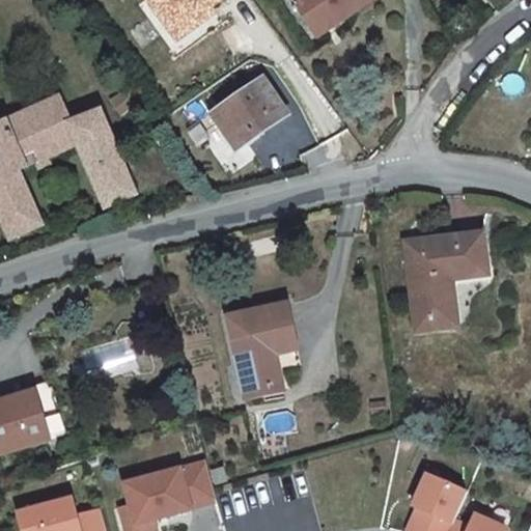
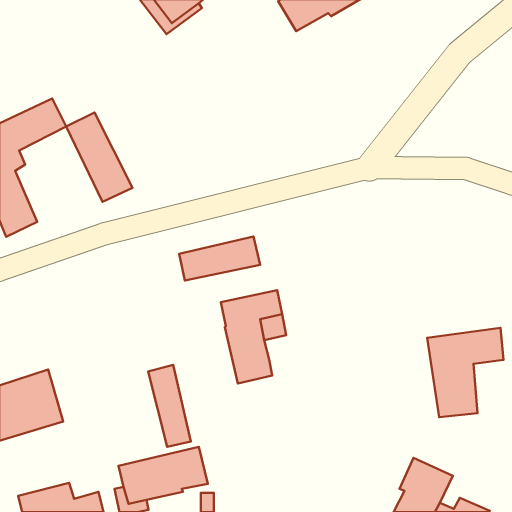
building: [208,78,285,145] -> none
building: [404,234,483,327] -> [427,328,503,417]
building: none -> [179,237,260,281]
building: none -> [148,365,191,447]

